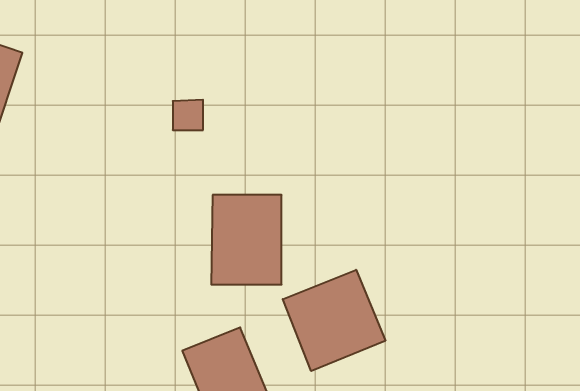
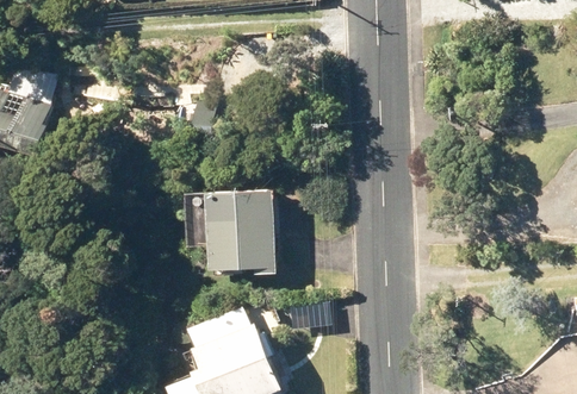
building: [283,270,385,371] -> none

